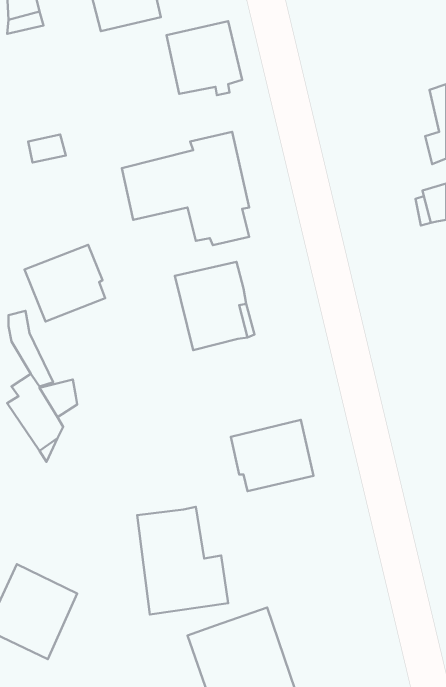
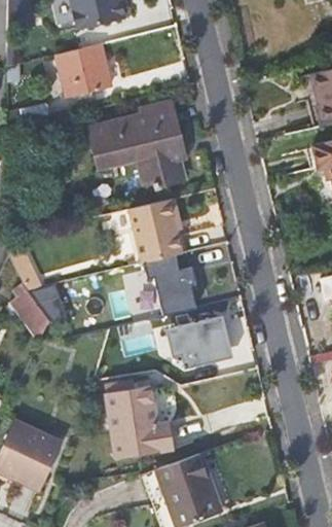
building: [167,21,242,95] -> [56,44,111,99]
building: [24,245,105,322] -> none
building: none -> [144,255,197,316]

